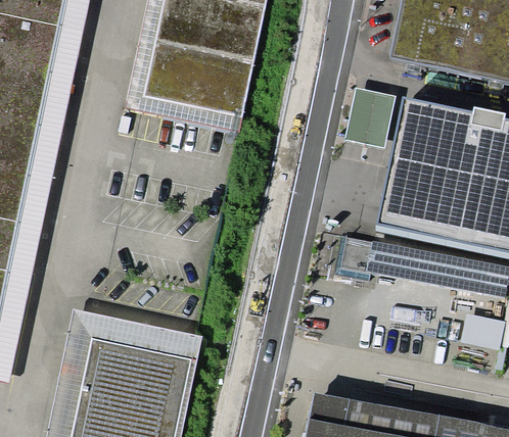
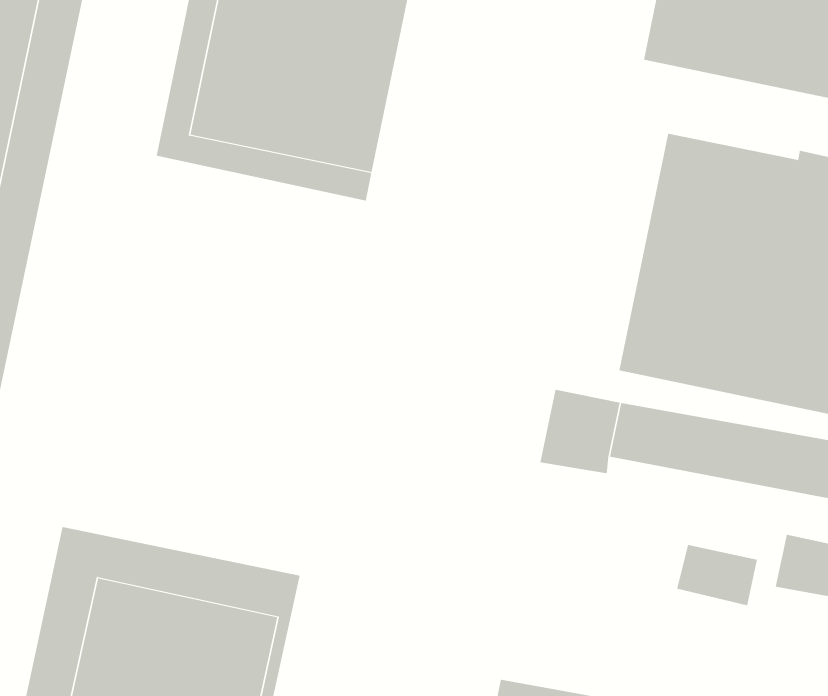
building: [344,87,396,148] -> none
building: none -> [677,544,758,606]

